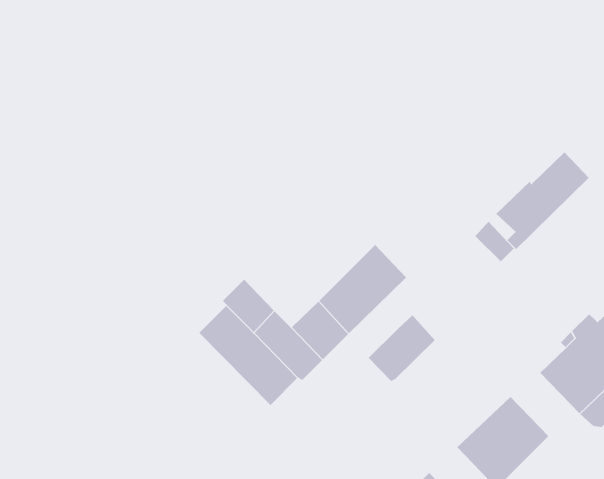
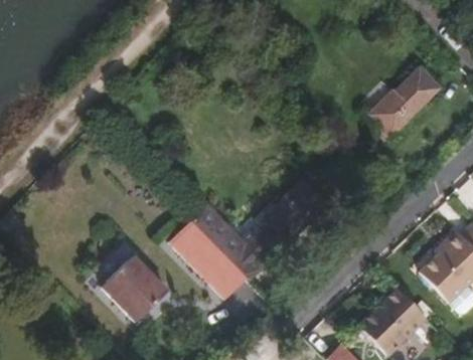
building: [496,152,589,250] -> [371,66,440,138]
building: [368,314,436,382] -> none
building: none -> [101,252,167,319]

